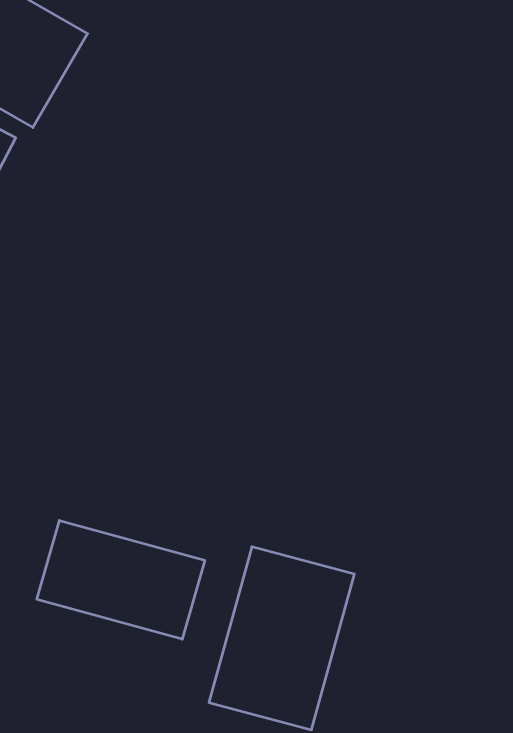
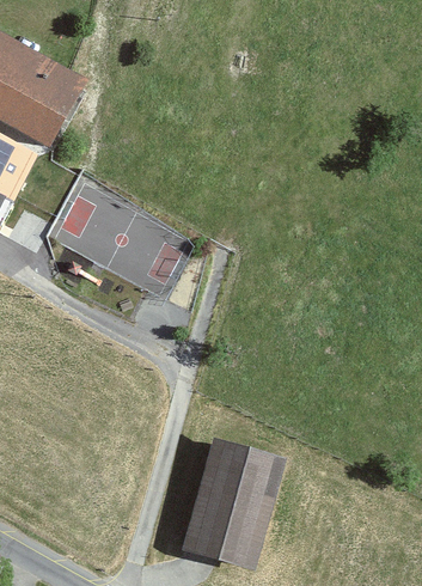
building: [37,520,205,639] -> none

